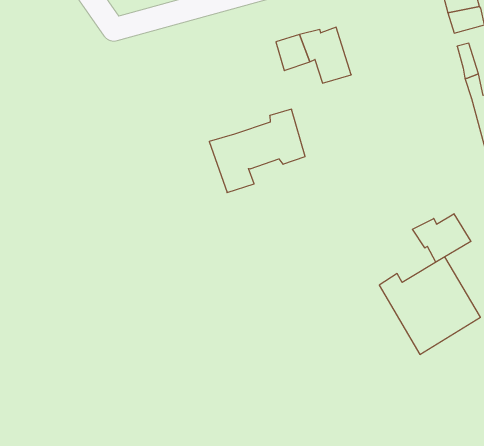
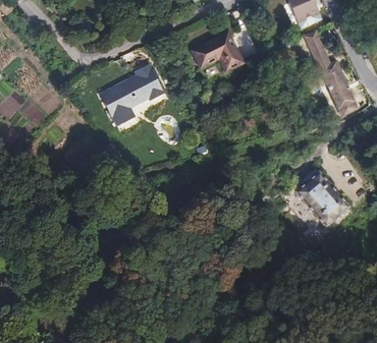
building: [209,109,305,193] -> [98,65,160,124]
building: [412,214,471,262] -> none

